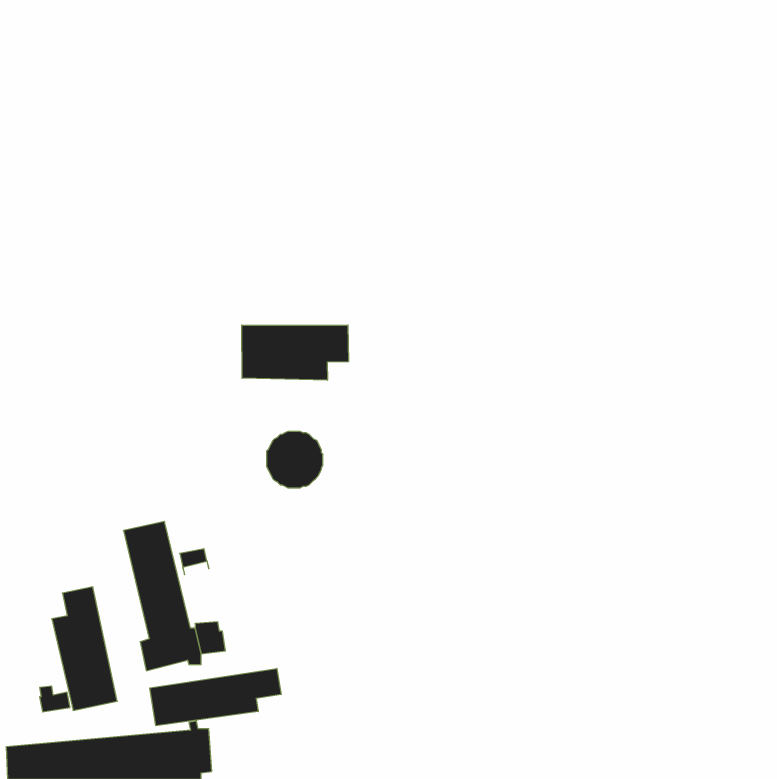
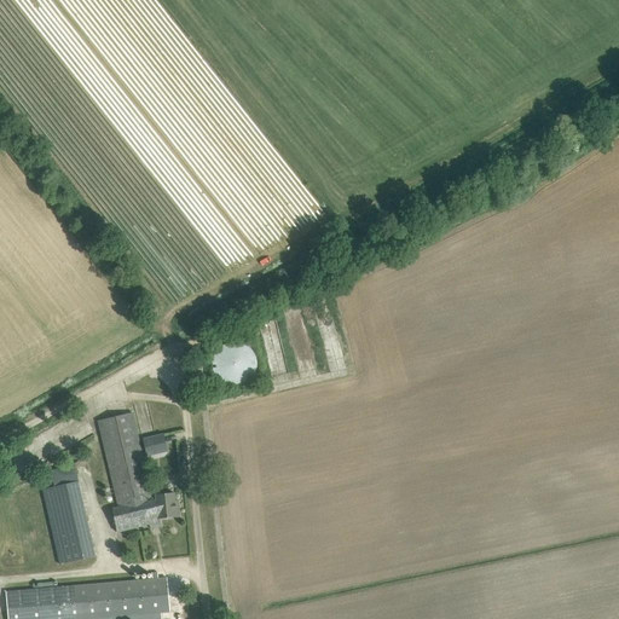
building: [242,325,348,380] -> none
building: [150,668,281,726] -> none

